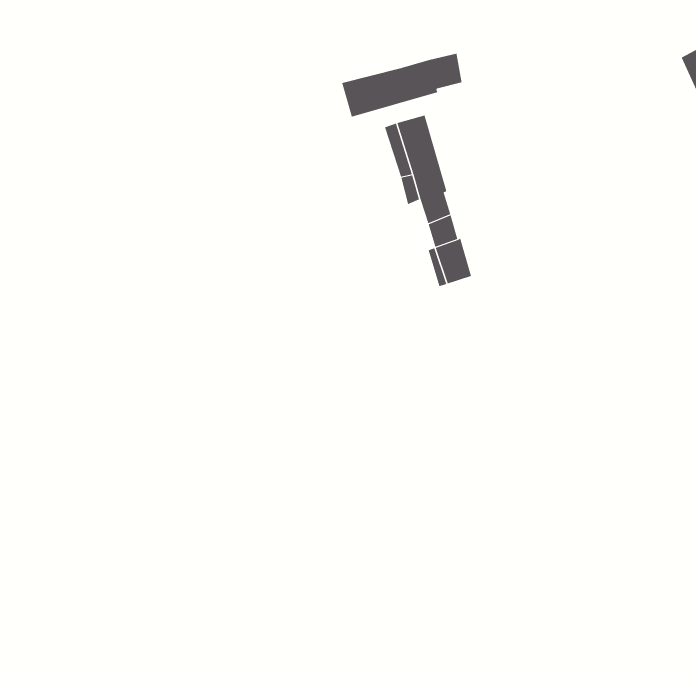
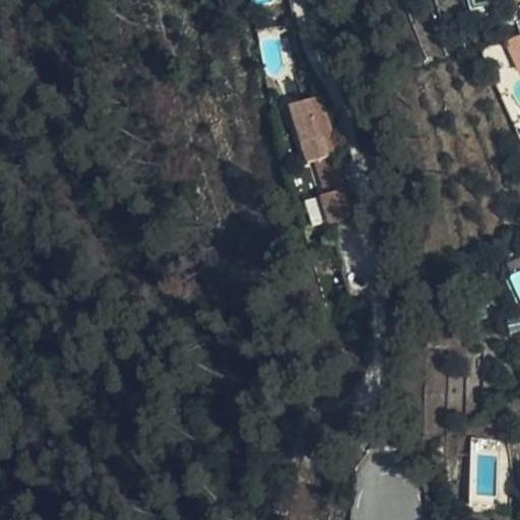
building: [341,53,462,118] -> none

